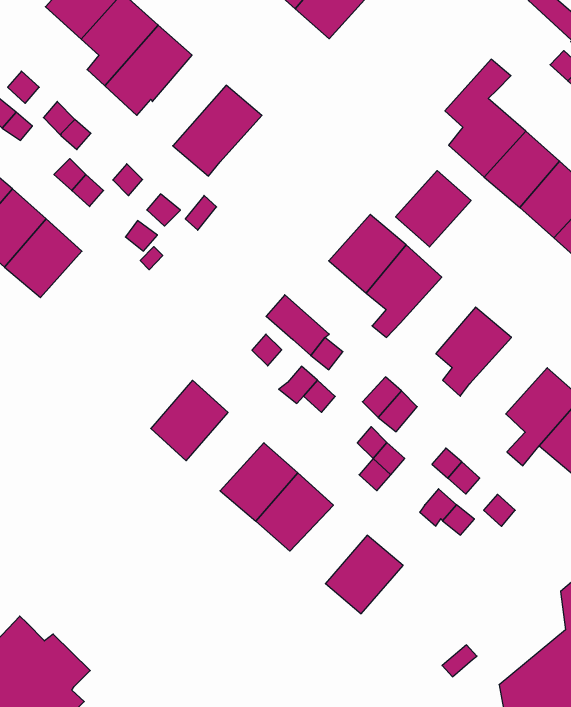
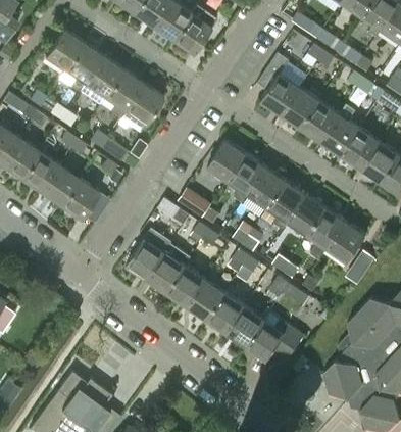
building: none -> [106,70,143,118]
building: [396,171,471,247] -> [248,169,286,208]
building: none -> [61,179,99,219]
building: none -> [288,195,327,235]
building: none -> [147,244,191,293]
building: none -> [206,293,245,334]
building: none -> [247,314,303,361]

